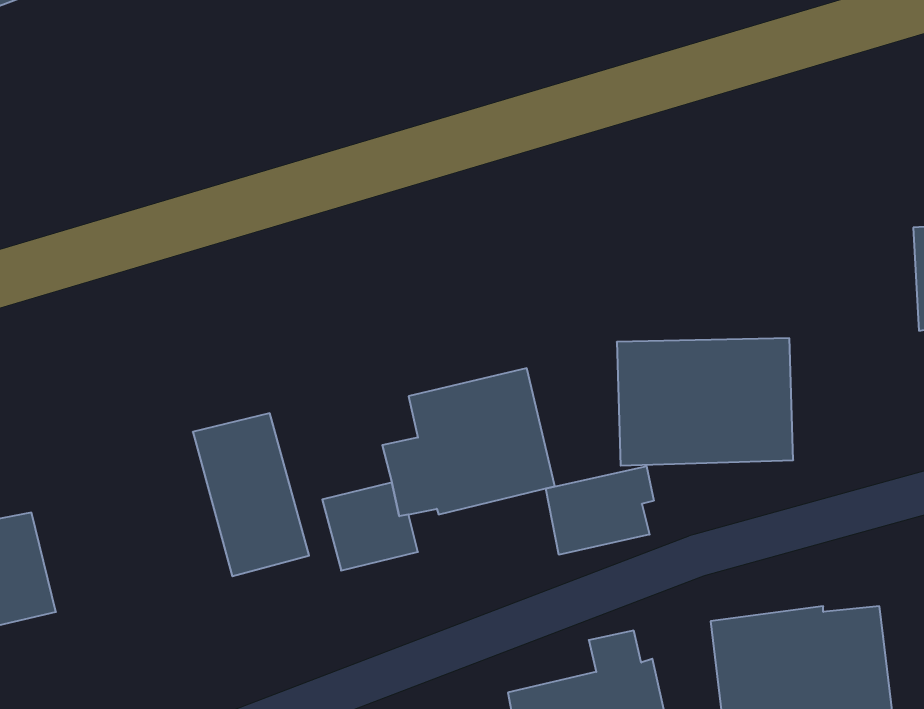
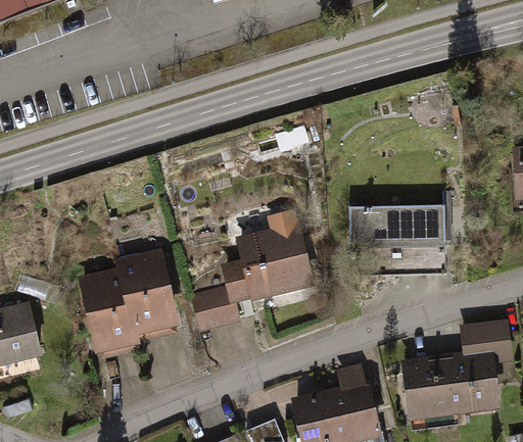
building: none -> [74,263,141,356]
building: [546,466,654,555] -> none
building: none -> [458,320,511,367]

